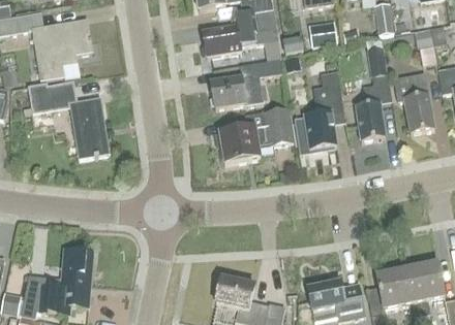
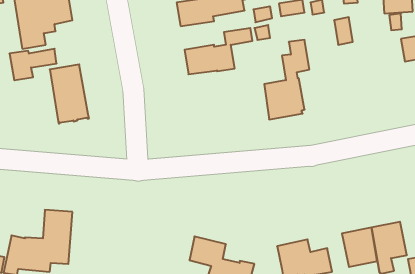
building: [393,72,433,132] -> none
building: [355,85,385,139] -> none
building: [218,108,294,162] -> none

